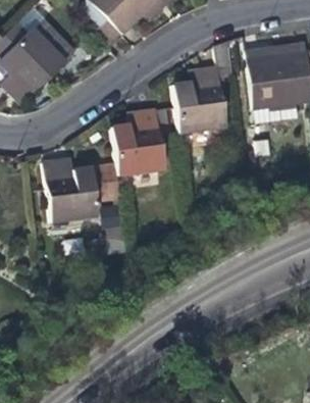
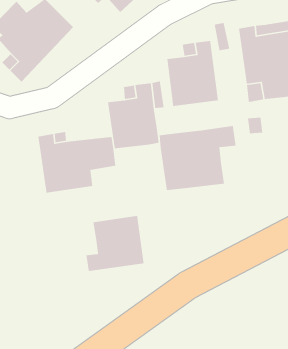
building: none -> [159,125,236,191]
building: none -> [86,215,145,272]

